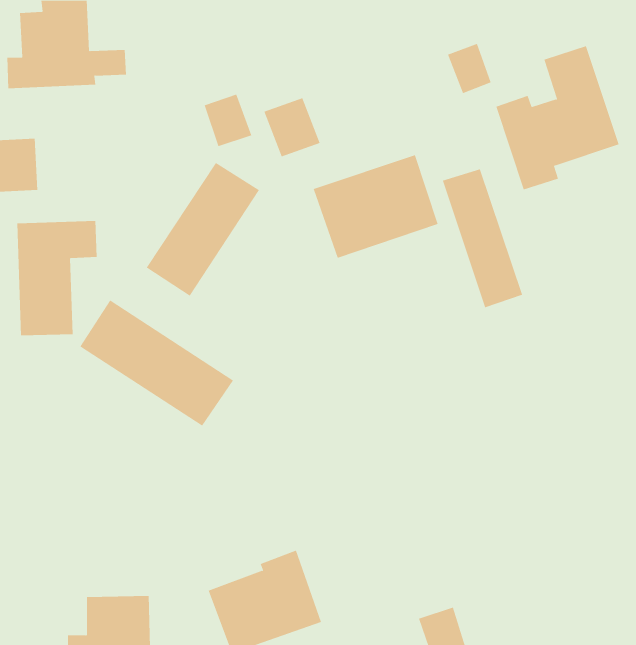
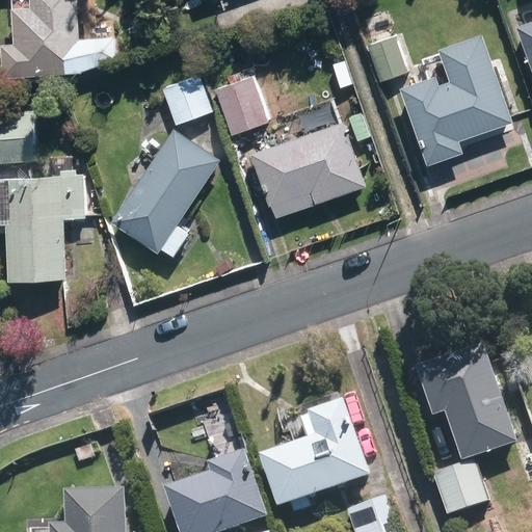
building: [442,169,523,308] -> none
building: [79,299,234,426] -> none
building: none -> [423,347,511,453]
building: none -> [266,402,366,501]
building: none -> [431,464,482,513]

